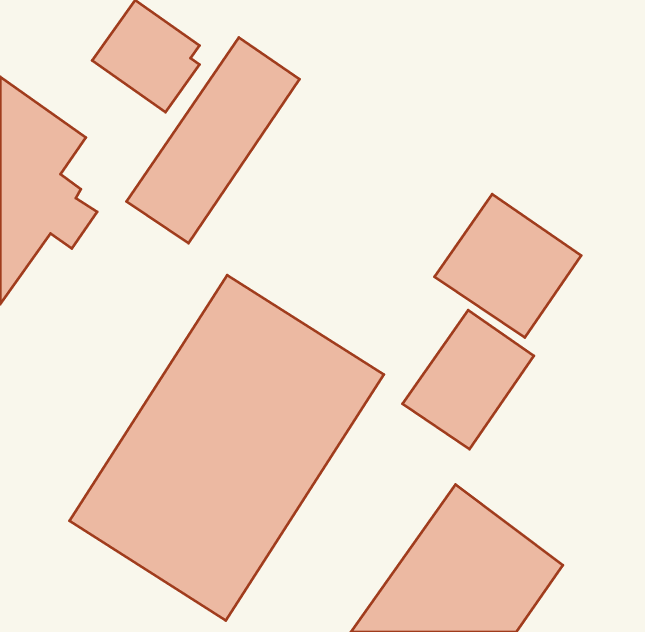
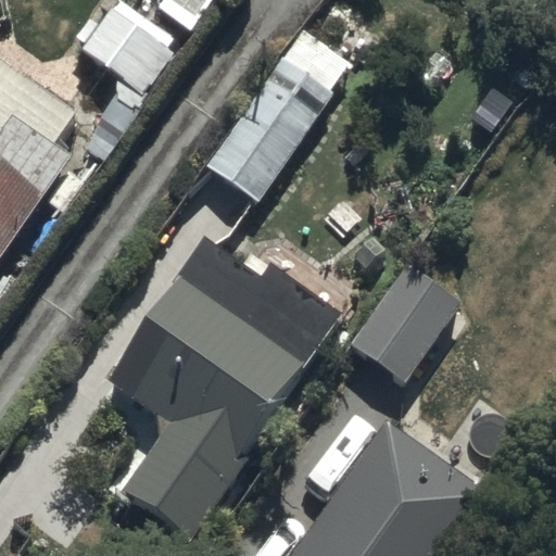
building: [127,38,300,243] -> [203,28,352,205]
building: [435,194,581,338] -> none

